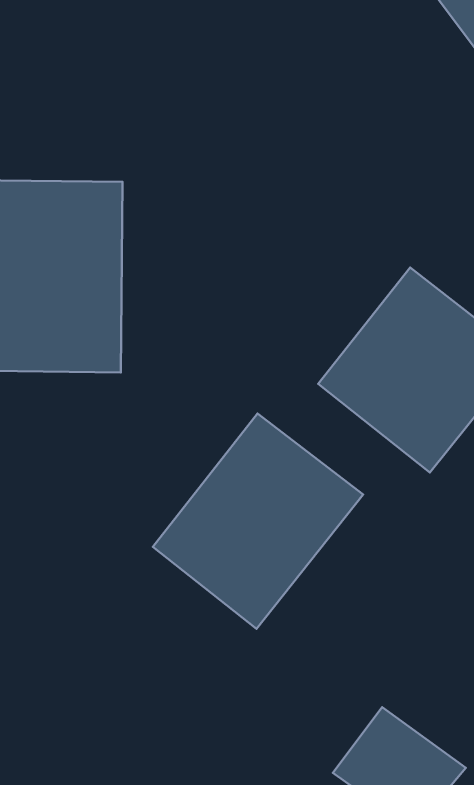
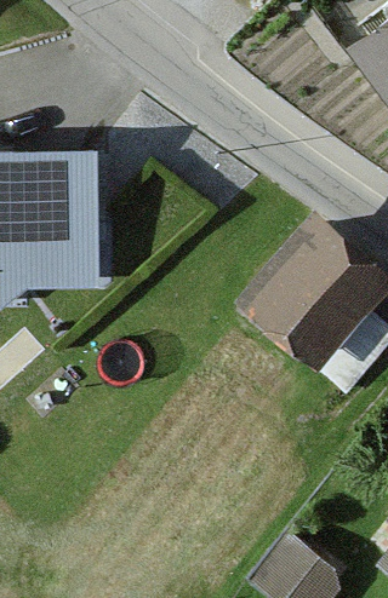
building: [153,413,363,629] -> none

